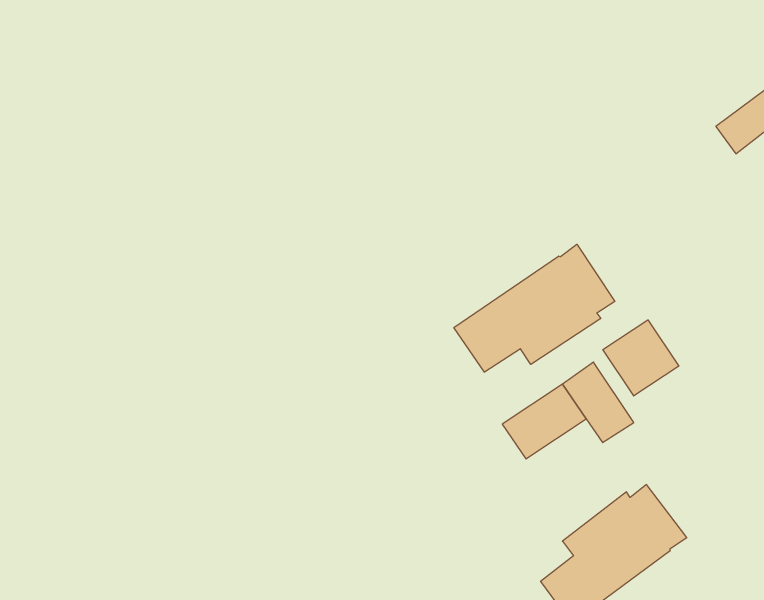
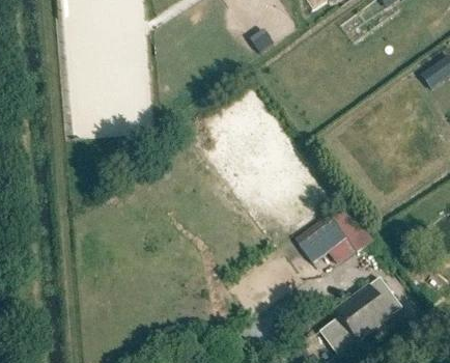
building: [454,244,615,372] -> none
building: [603,320,679,396] -> none

